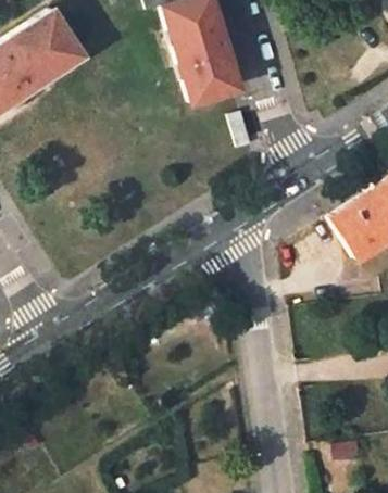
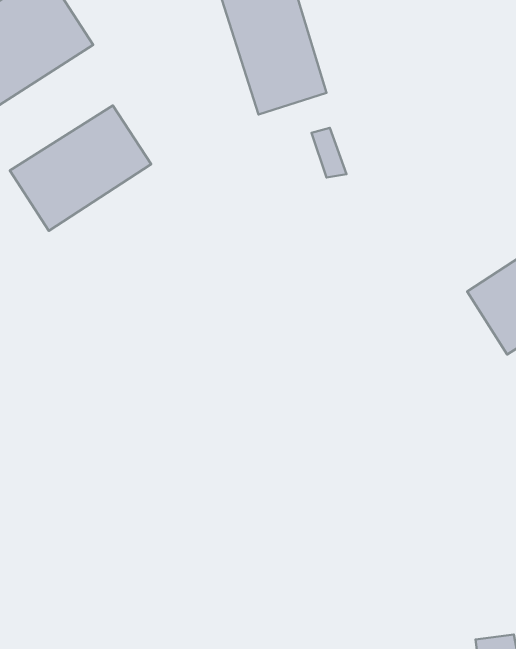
building: none -> [10,106,151,231]

